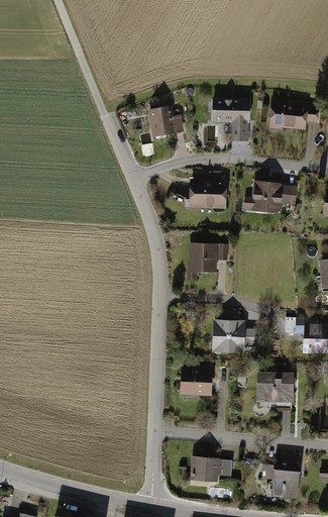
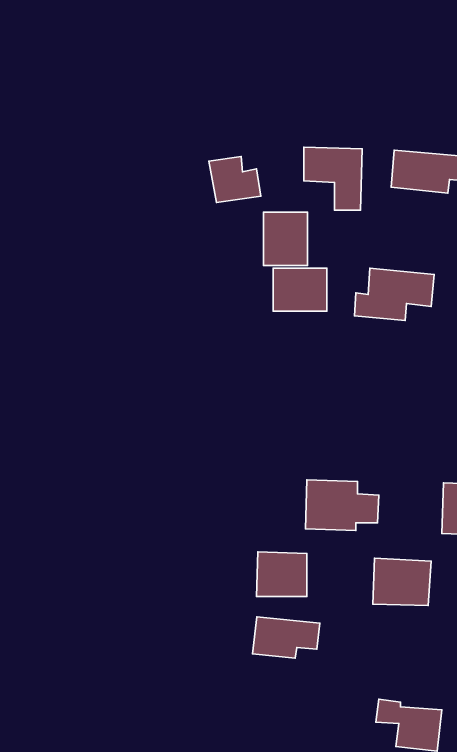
building: none -> [263,212,308,265]
building: [188,241,227,278] -> none
building: [189,455,233,483] -> [252,617,320,658]

